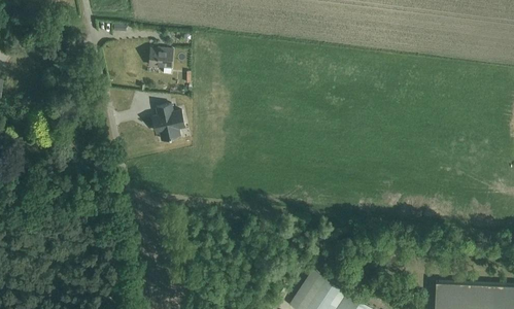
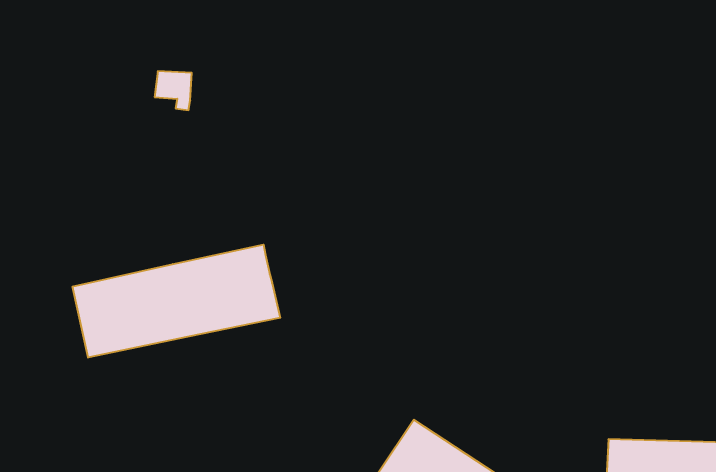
building: [151,106,184,141] -> none
building: none -> [73,245,280,358]

